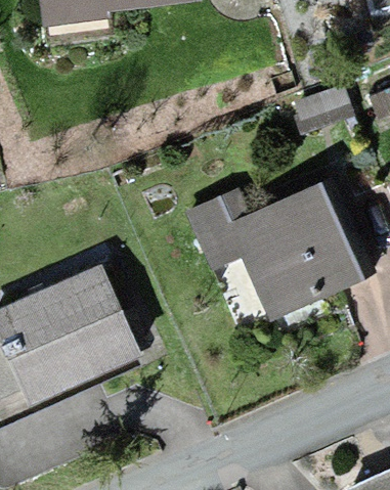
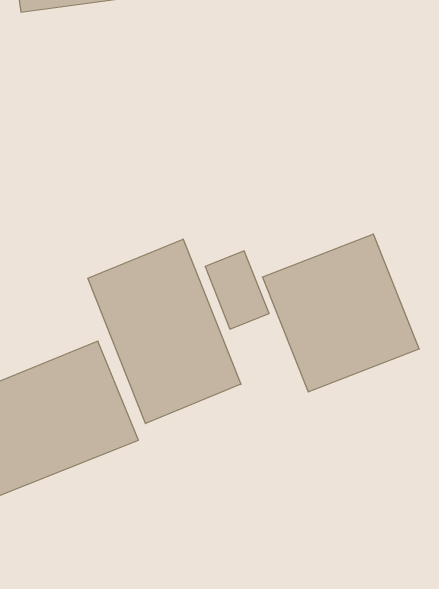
building: none -> [88,239,241,424]

